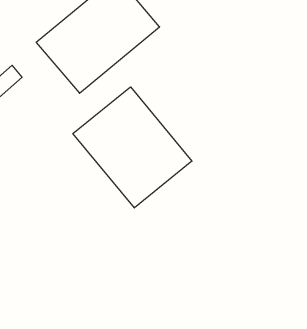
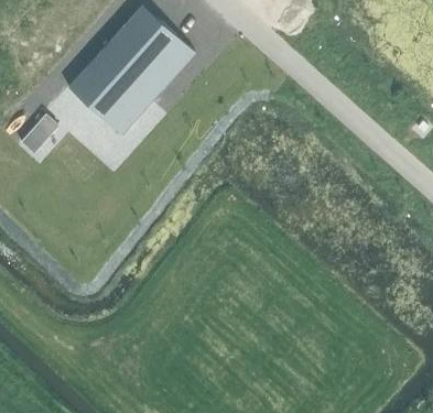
building: [73,87,192,208] -> none

